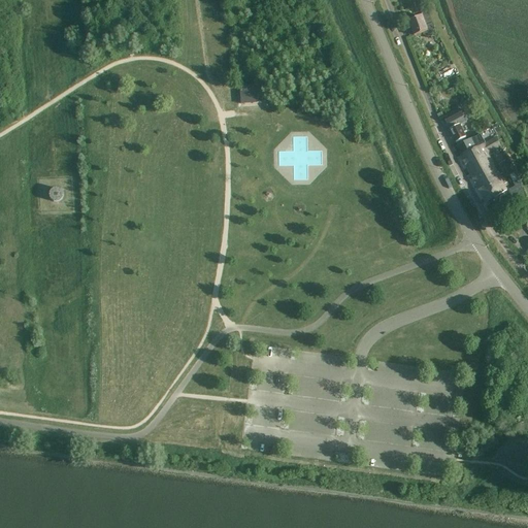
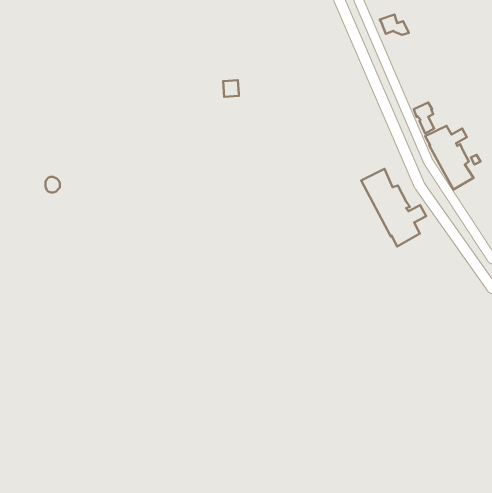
building: none -> [361,169,426,247]

